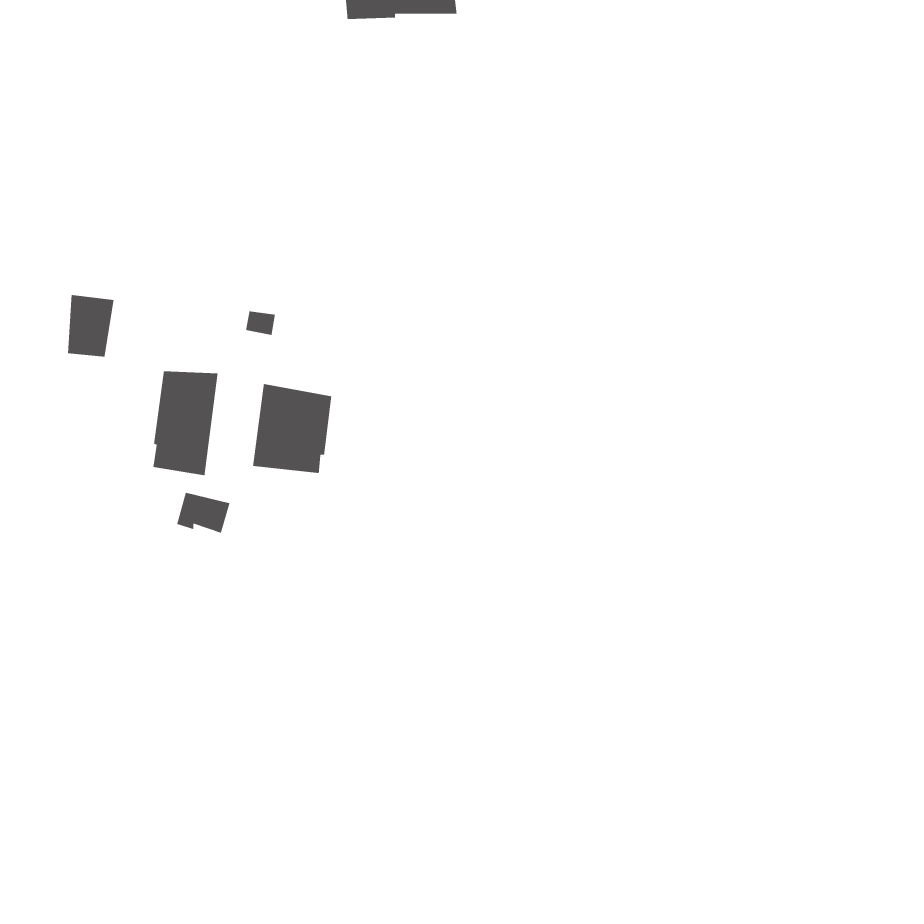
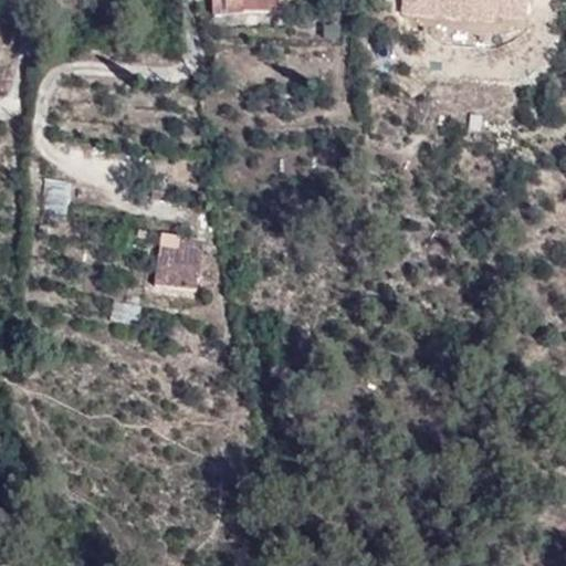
building: [153,370,219,476] -> none

